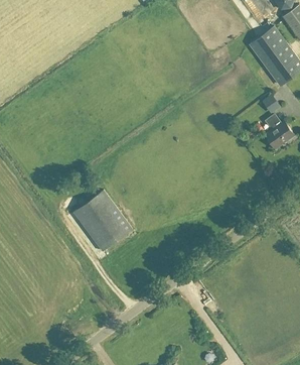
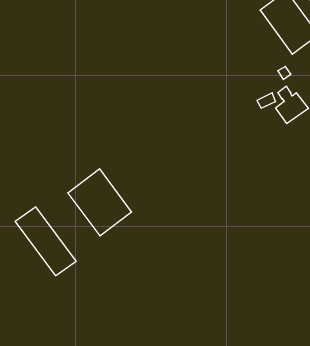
building: none -> [15,207,76,276]

